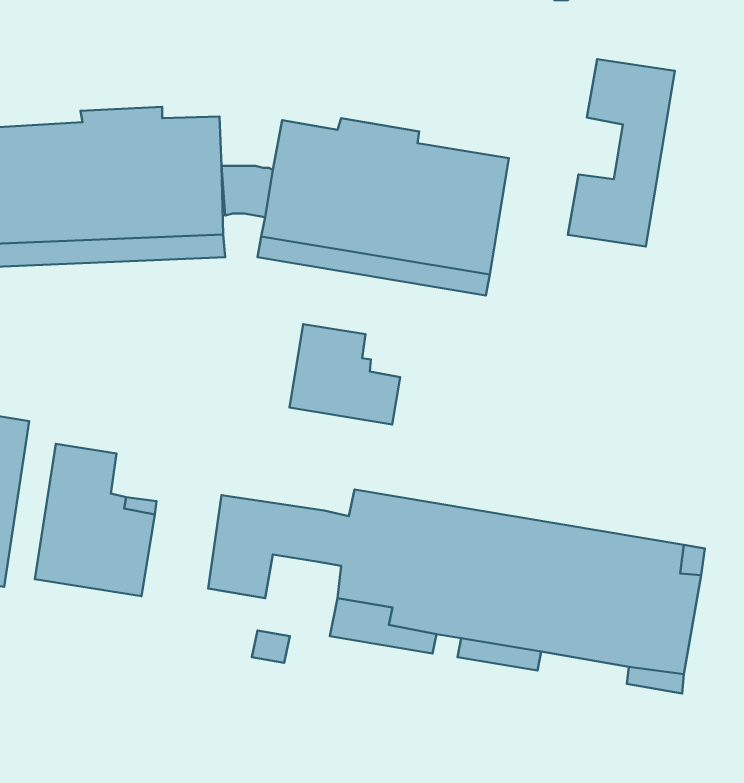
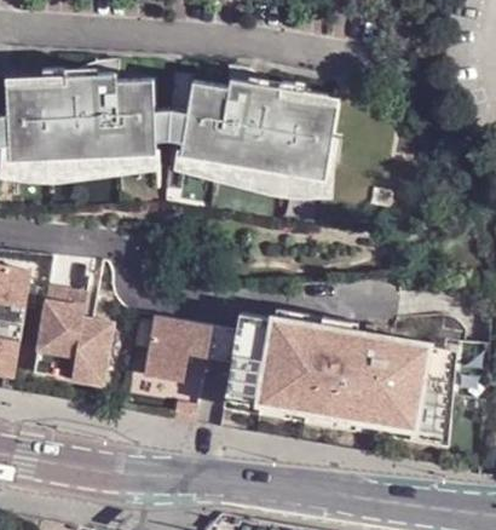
building: [568,59,675,247] -> none
building: [290,324,400,425] -> none

